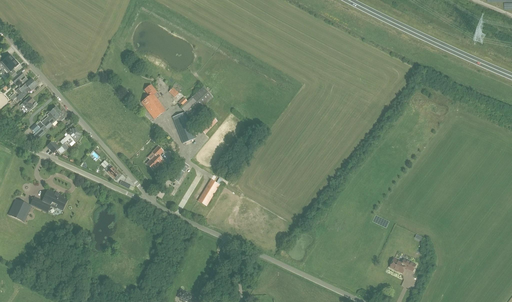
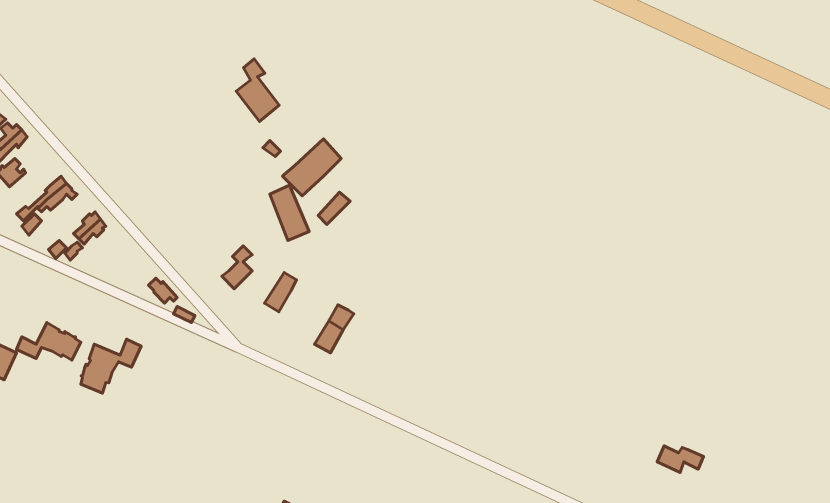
building: [141,83,165,118] -> [236,59,279,121]
building: none -> [81,339,141,393]

